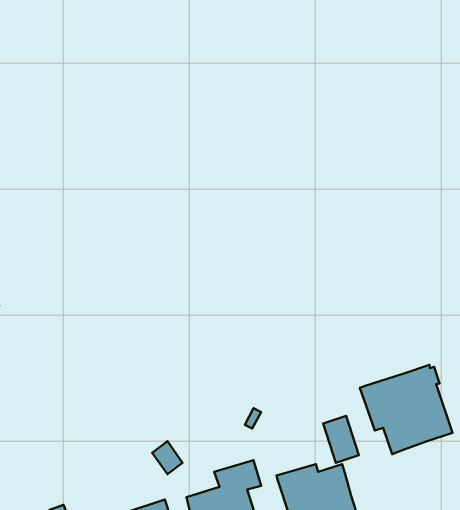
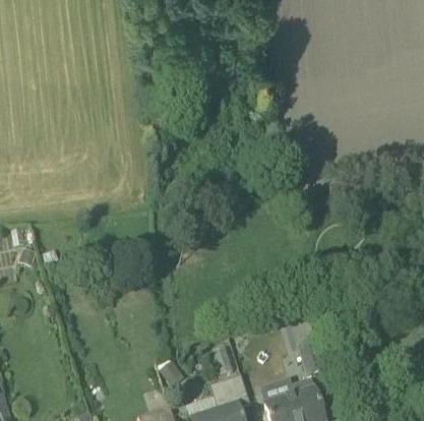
building: [360,365,453,454] -> none

